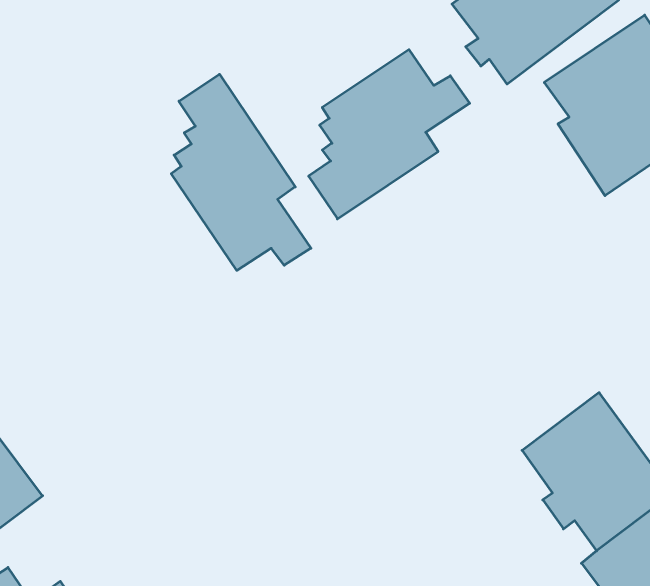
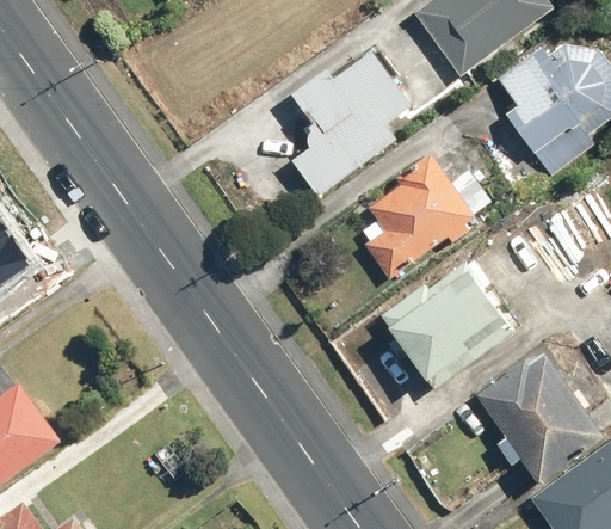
building: [171,74,311,270] -> none
building: none -> [360,154,492,282]
building: none -> [379,262,519,390]

